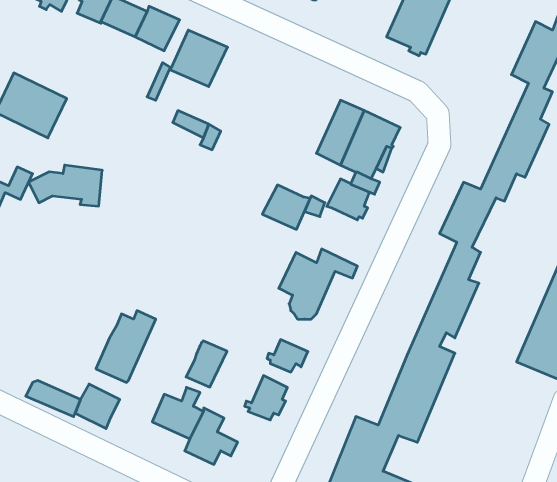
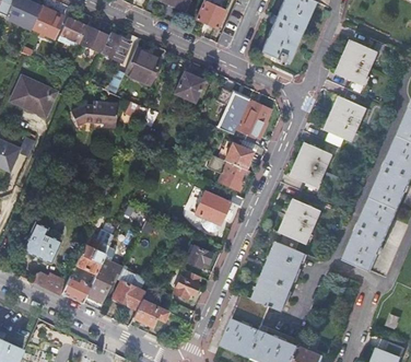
building: none -> [173,72,202,101]
building: [29,165,102,206] -> [71,100,118,126]
building: [262,185,310,229] -> [216,162,247,190]
building: none -> [22,224,59,264]
building: [186,341,227,387] -> [85,272,111,302]

